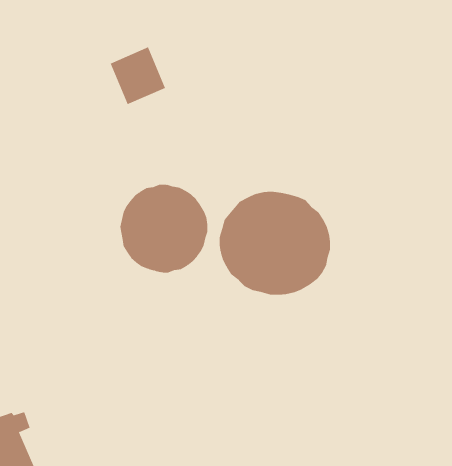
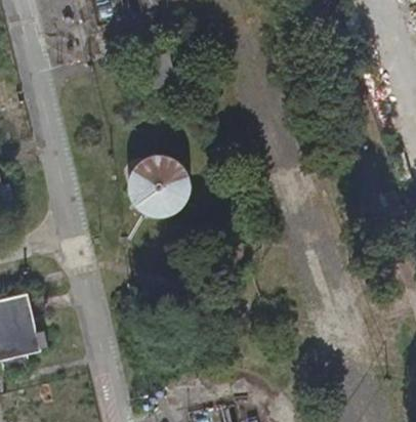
building: [219,191,331,296] -> none

